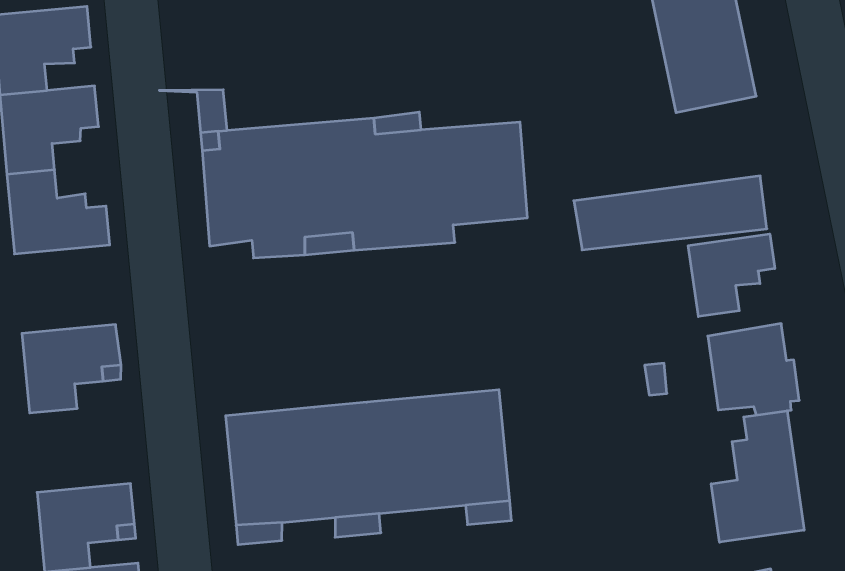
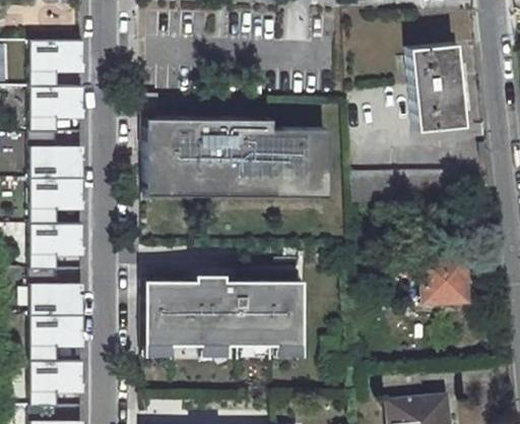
building: [688,234,775,317] -> none
building: none -> [31,178,86,224]
building: none -> [31,269,85,315]
building: [711,411,804,542] -> none

